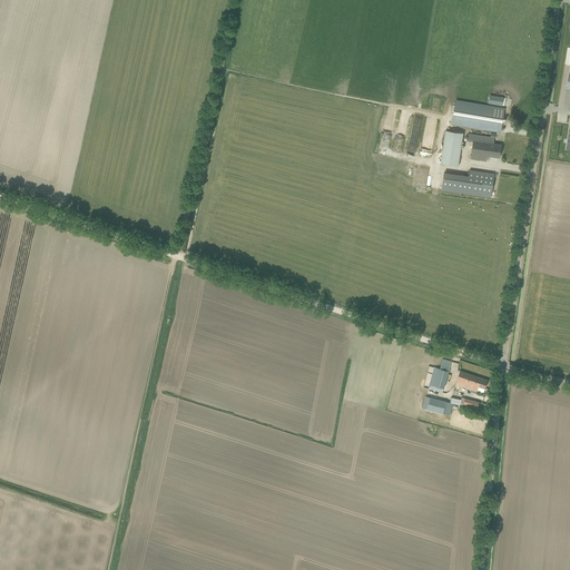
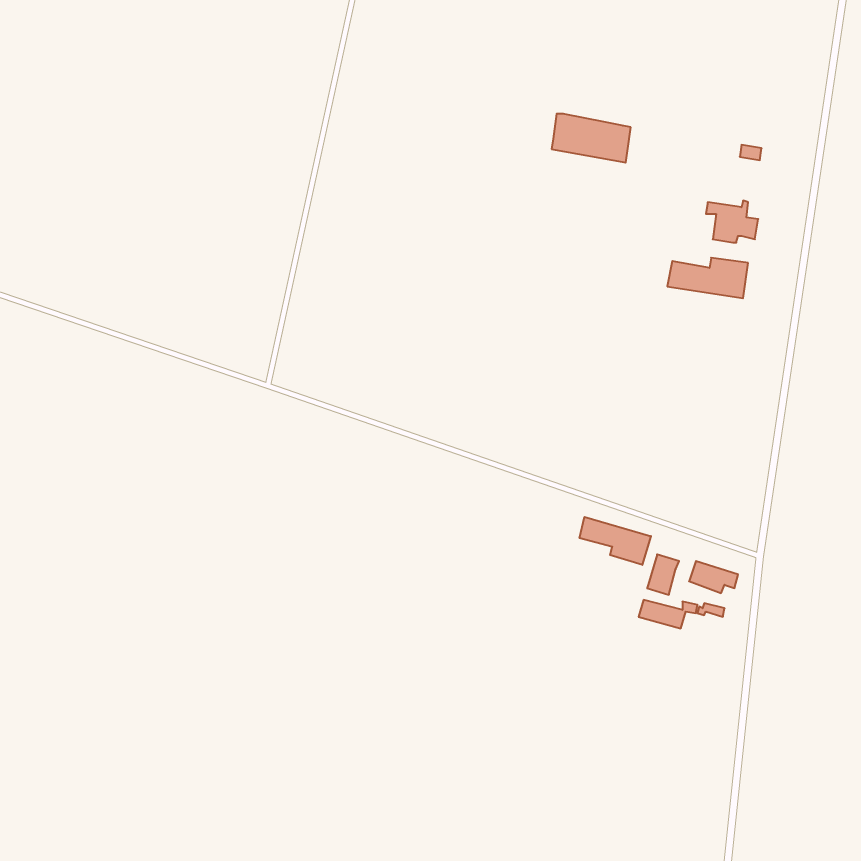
building: [452,100,504,132] -> [552,114,631,163]
building: [440,130,463,166] -> none
building: none -> [580,517,651,565]

